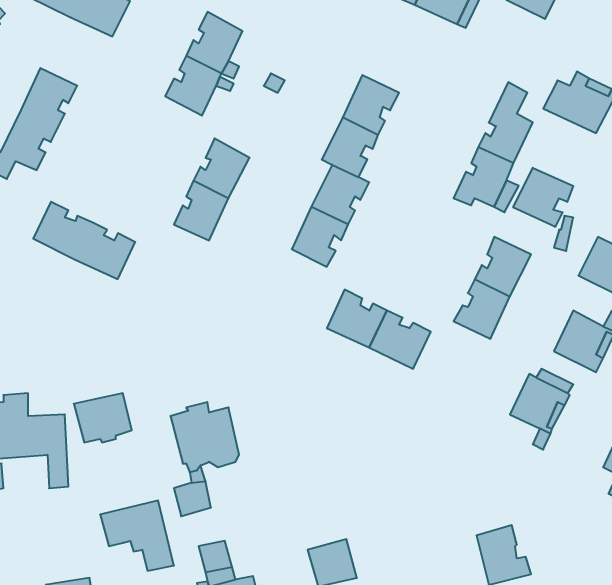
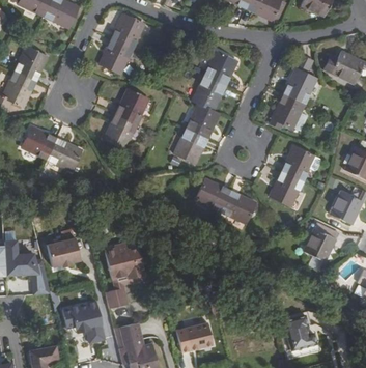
building: [513,168,573,227] -> none

